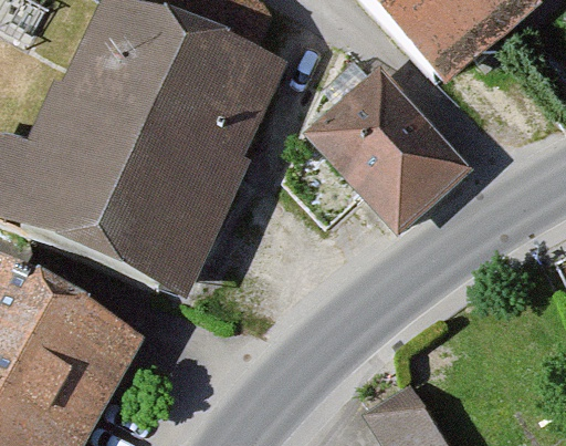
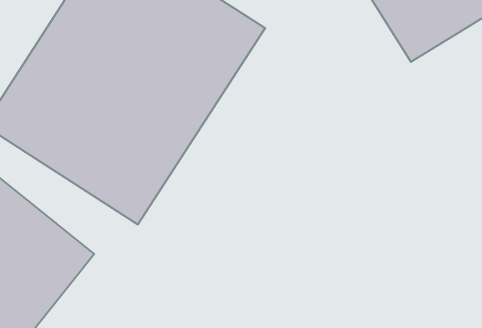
building: [305,48,471,218] -> none

